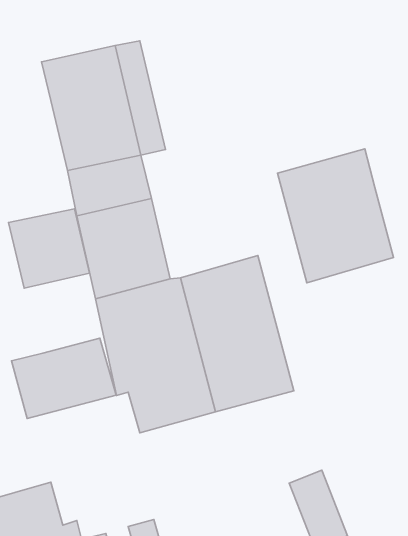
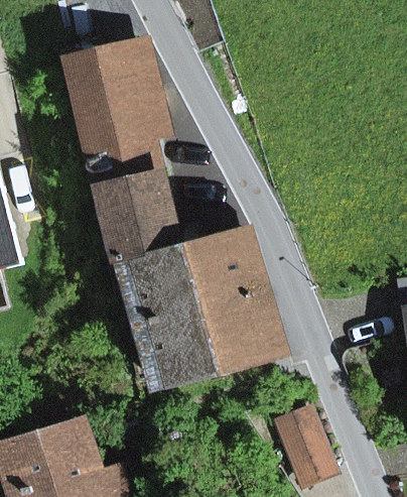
building: [278,149,394,283] -> none
building: [8,209,90,288] -> none
building: [12,338,116,418] -> none

